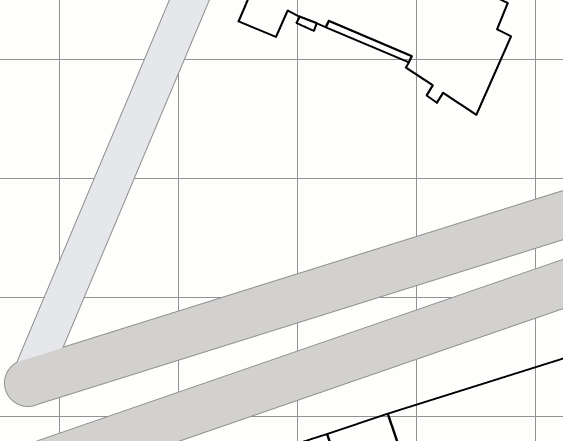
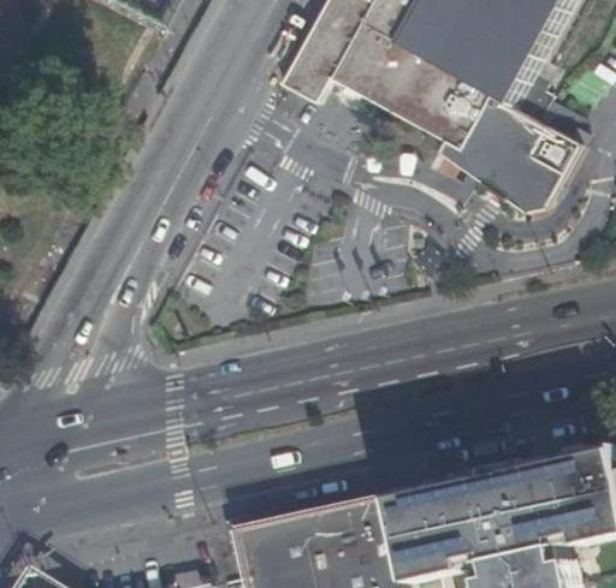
building: none -> [508,130,578,218]

